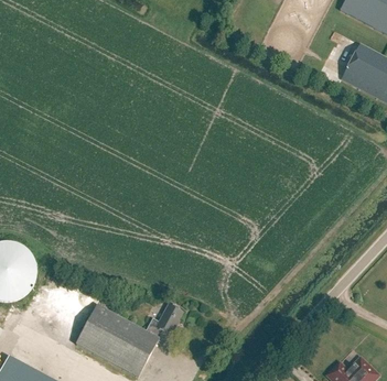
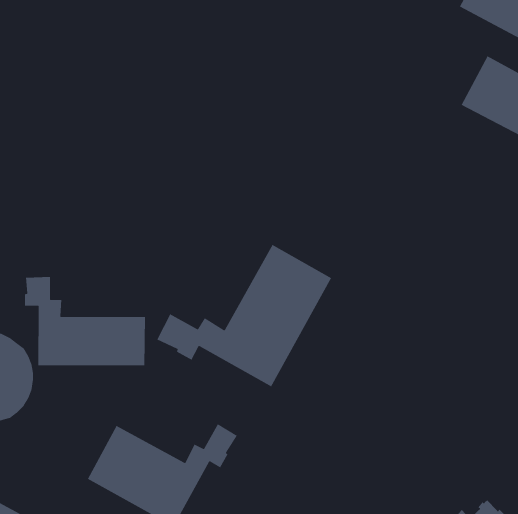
building: none -> [156,244,332,387]
building: none -> [24,276,146,366]

